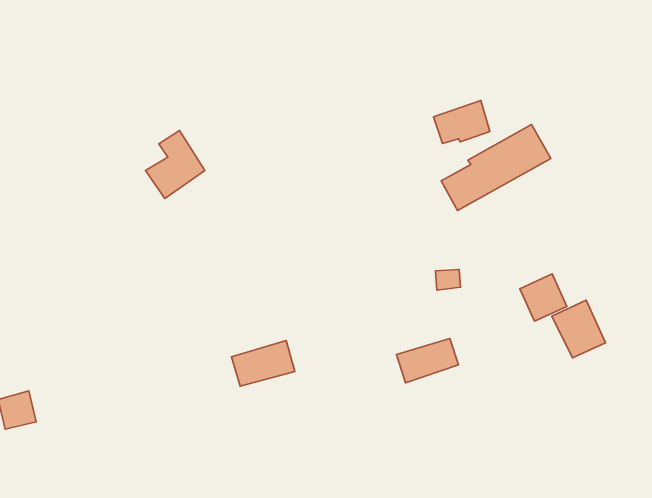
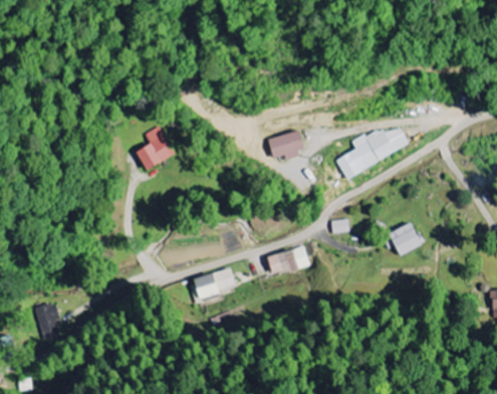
building: [434,101,490,143] -> [267,130,305,159]
building: [552,300,605,358] -> none
building: [396,338,459,383] -> [267,246,309,276]

